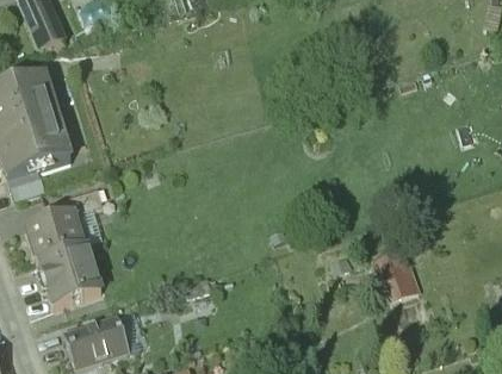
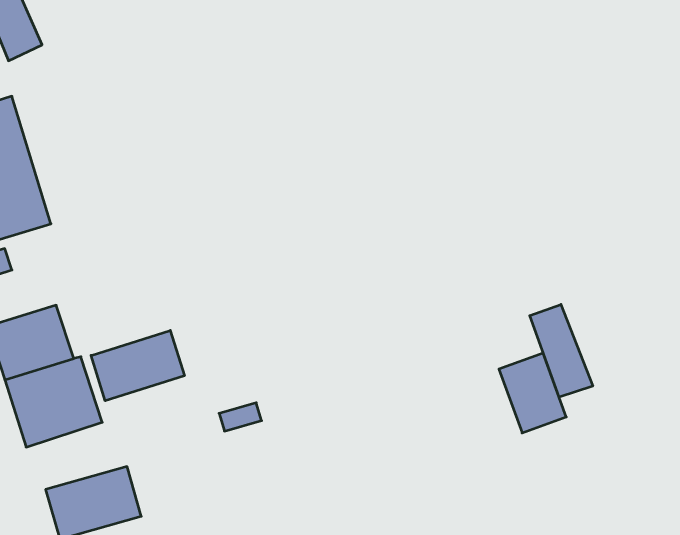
building: none -> [530,304,593,397]
building: none -> [91,330,184,401]

